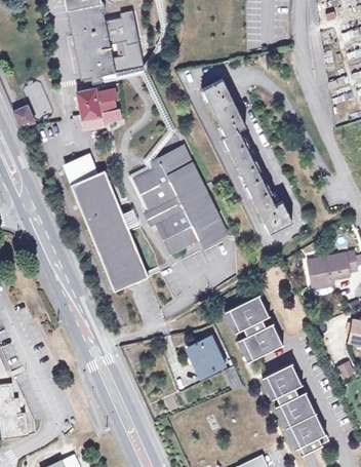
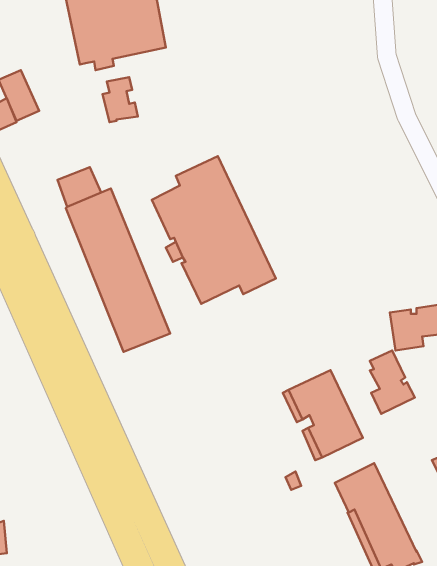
building: [201,76,290,232] -> none
building: [75,87,104,127] -> none
building: none -> [370,350,415,414]
building: [188,334,225,374] -> none

